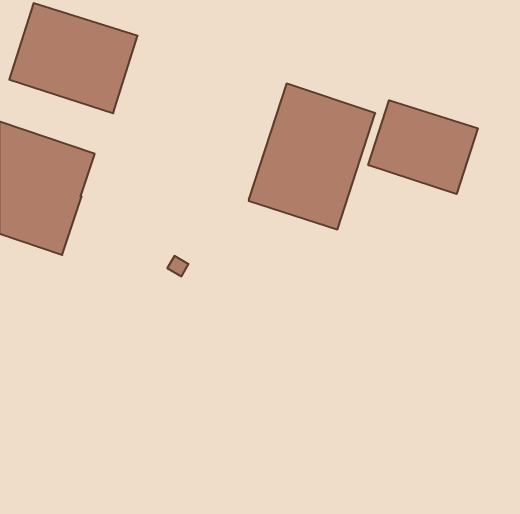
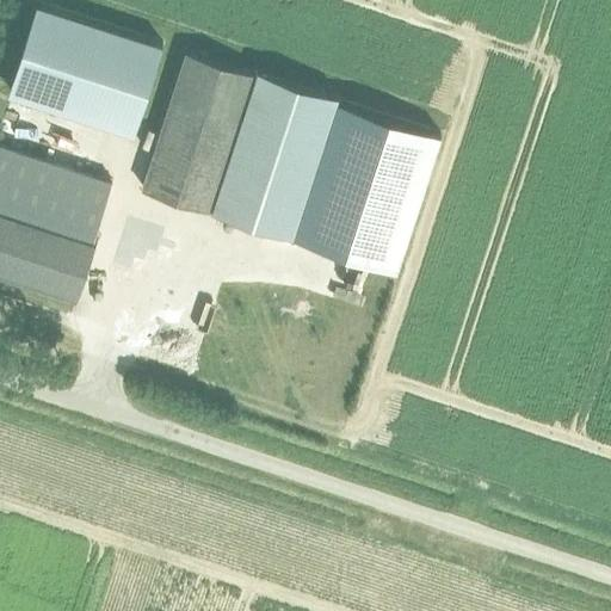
building: none -> [142,57,335,241]
building: [368,100,478,194] -> none

